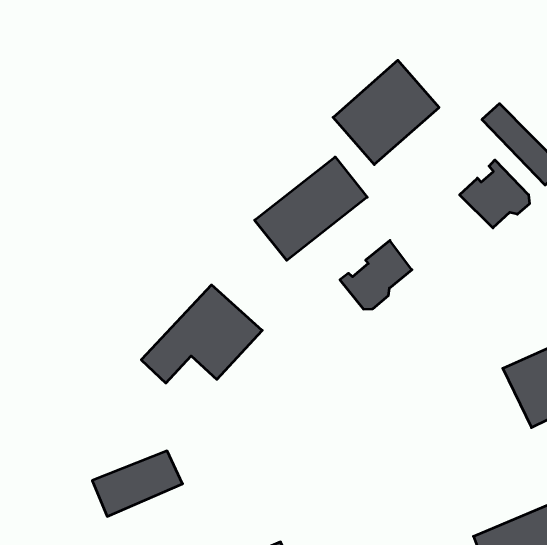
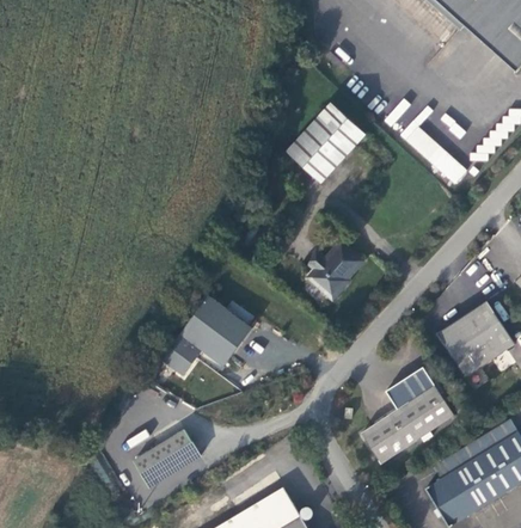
building: [255,157,367,260] -> none
building: [460,160,529,228] -> none
building: none -> [366,368,458,461]

